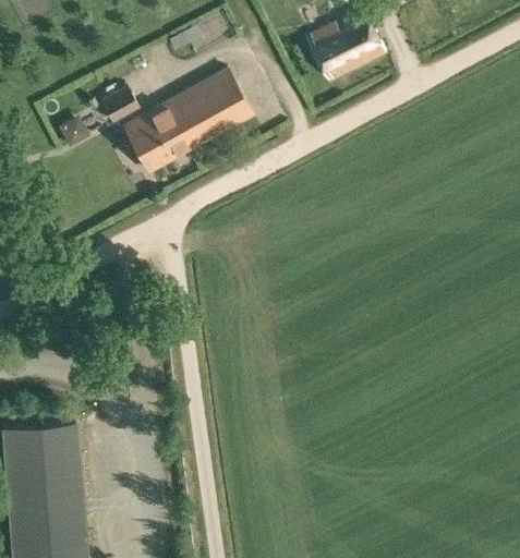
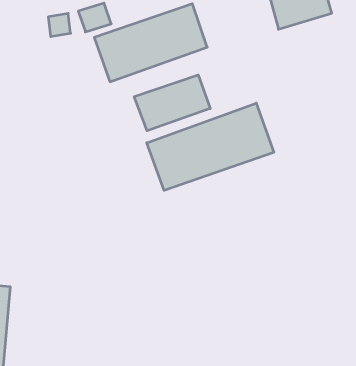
building: none -> [134,75,210,131]
building: none -> [147,103,274,190]

